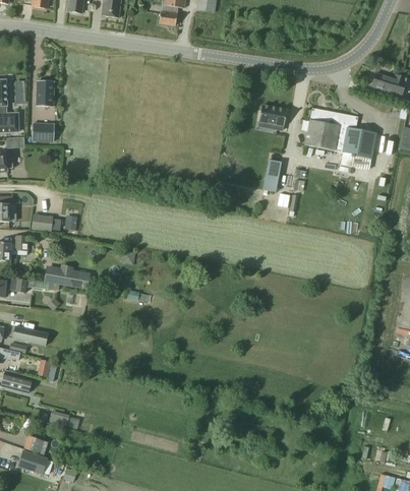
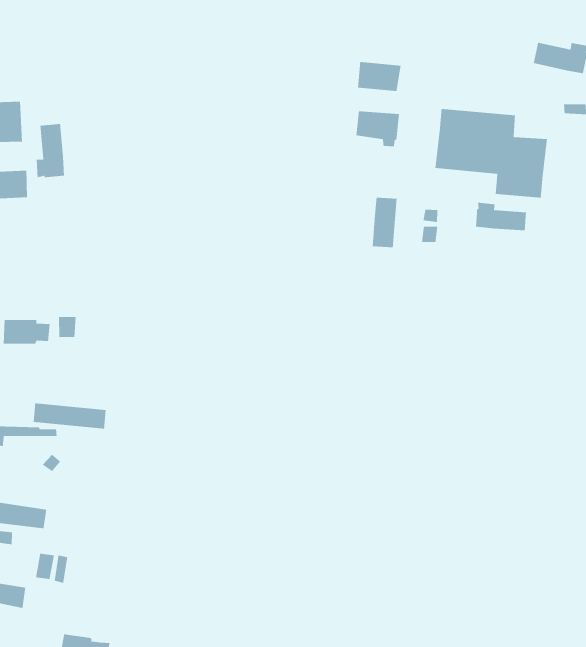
building: none -> [357,61,401,92]
building: none -> [36,123,65,178]
building: none -> [475,202,527,231]

